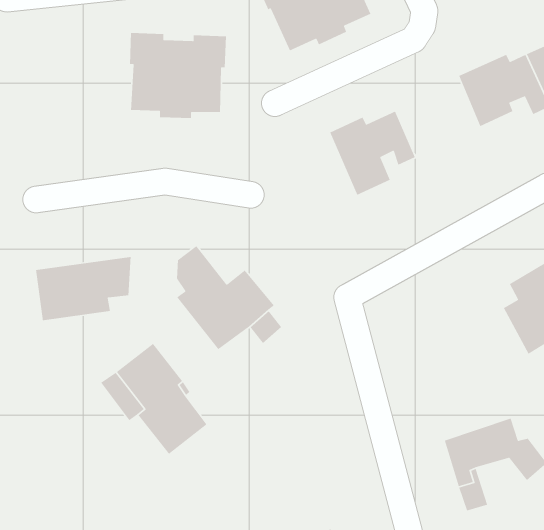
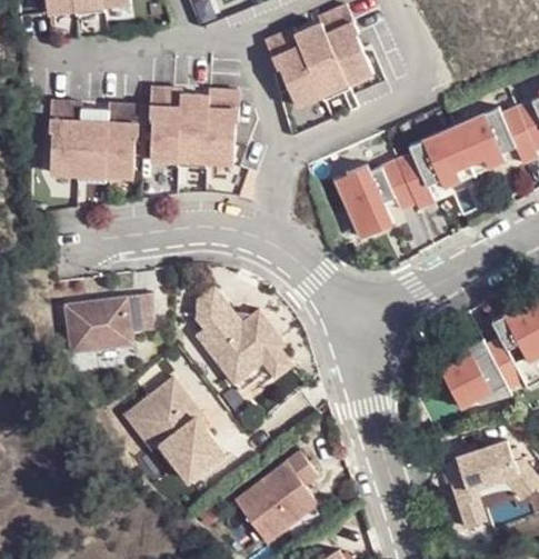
building: none -> [50,102,140,183]
building: none -> [396,129,473,211]
building: none -> [448,338,521,406]
building: none -> [231,452,311,541]

